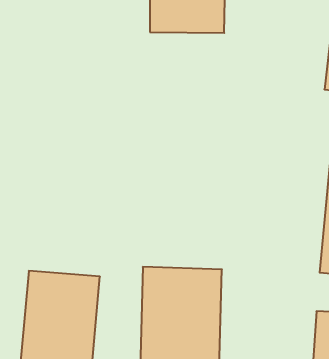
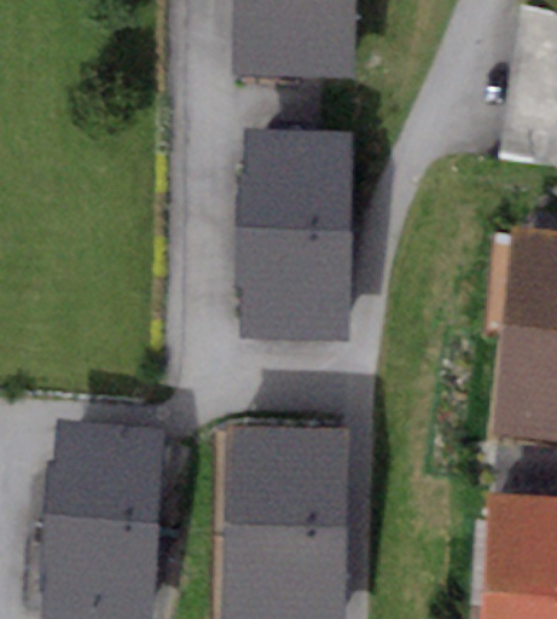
building: none -> [244,131,349,336]

